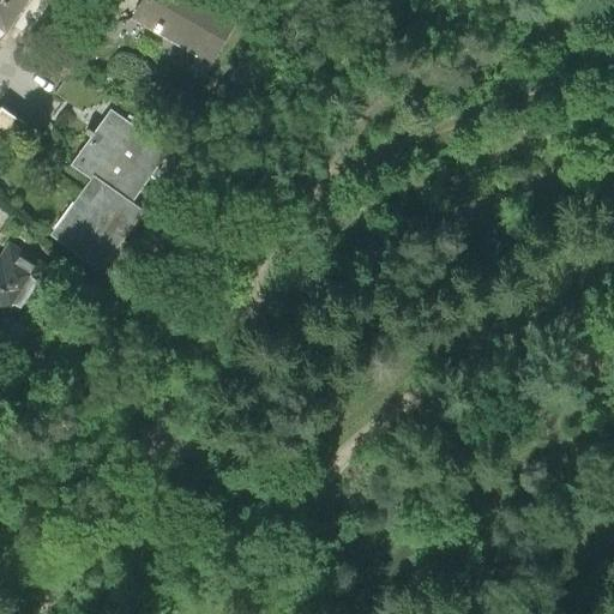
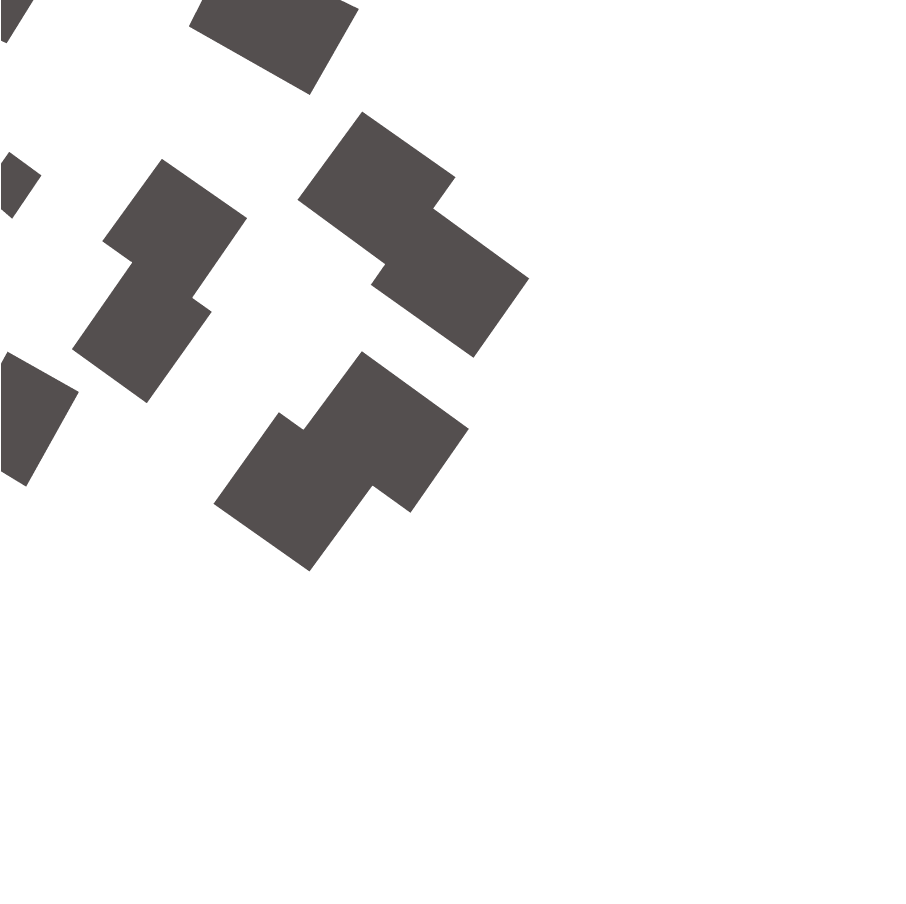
building: none -> [297,111,530,359]
building: none -> [212,350,470,573]

